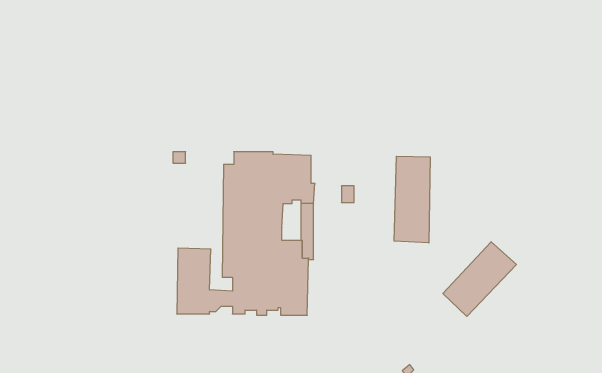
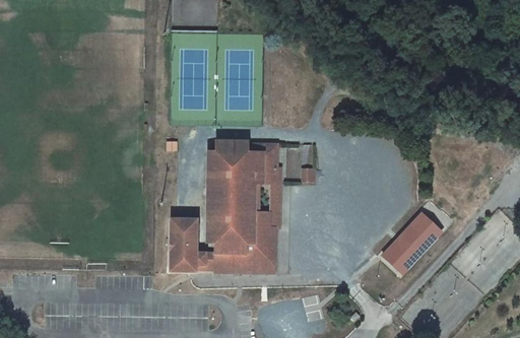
building: [394,156,430,243] -> none

